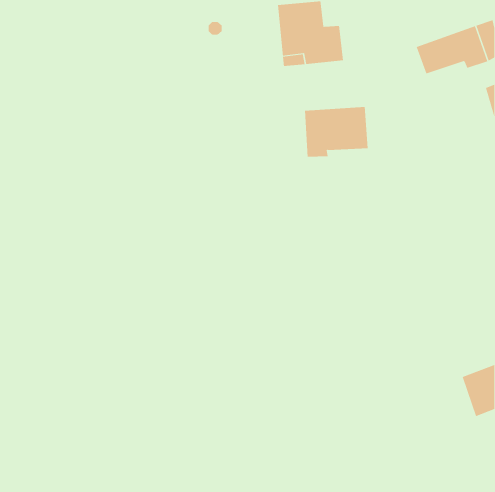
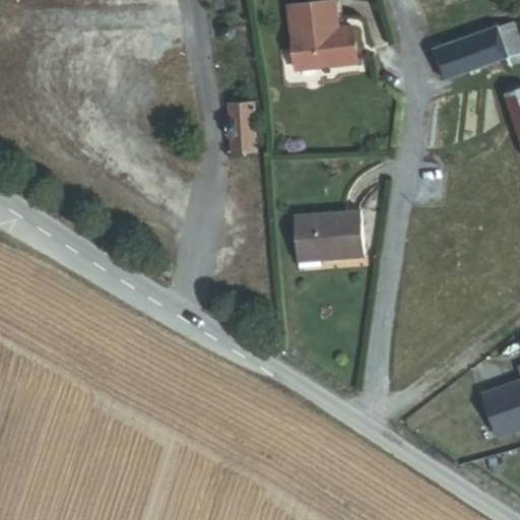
building: none -> [225,105,253,149]
building: [304,107,369,157] -> [294,210,361,263]

